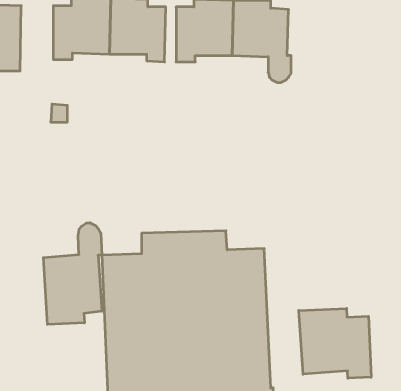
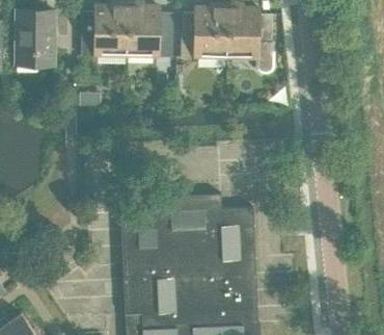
building: [43,223,102,324] -> none
building: [299,308,371,378] -> none

